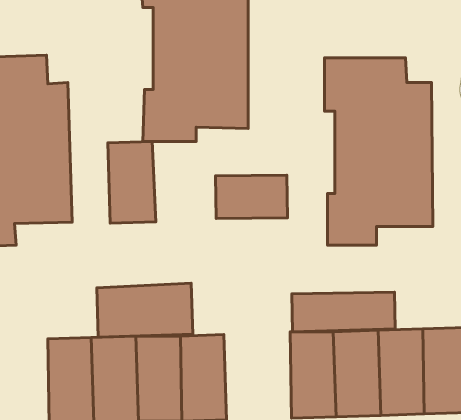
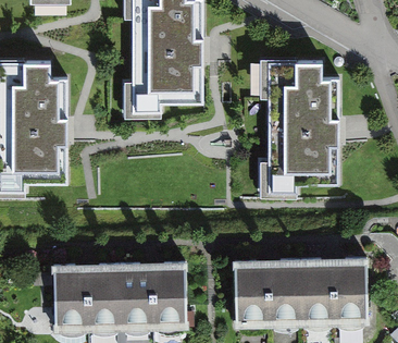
building: [108,141,156,223] -> none
building: [216,175,287,219] -> none
building: [97,283,193,337] -> none
building: [292,292,395,332] -> none

